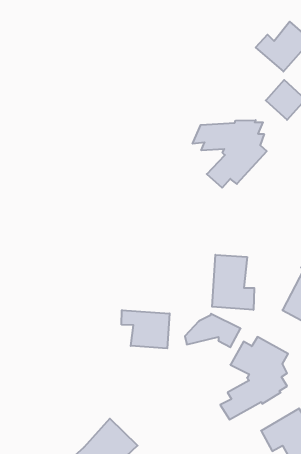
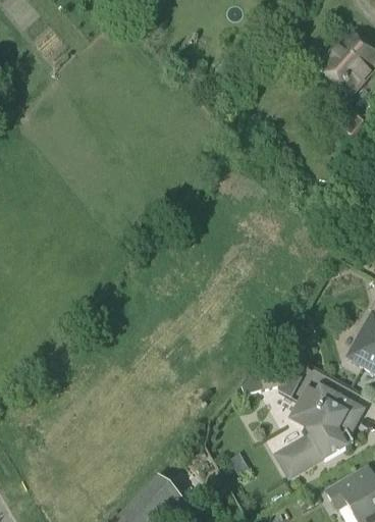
building: [193,120,267,188] -> none
building: [212,255,254,310] -> none
building: [122,310,170,348] -> none

